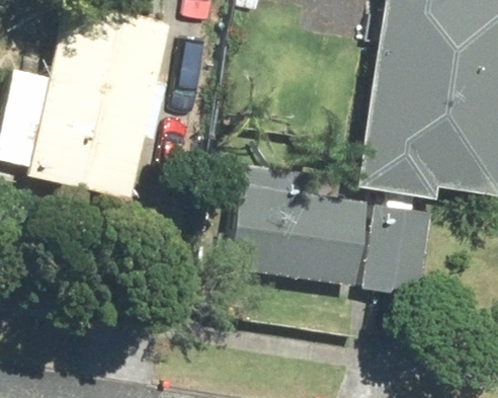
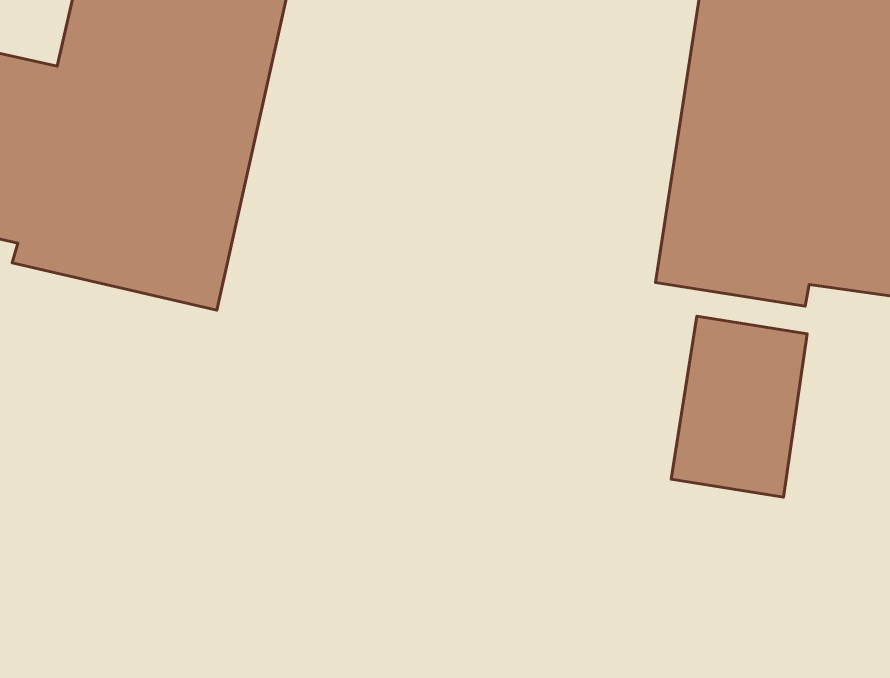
building: [230,162,370,286] -> none

